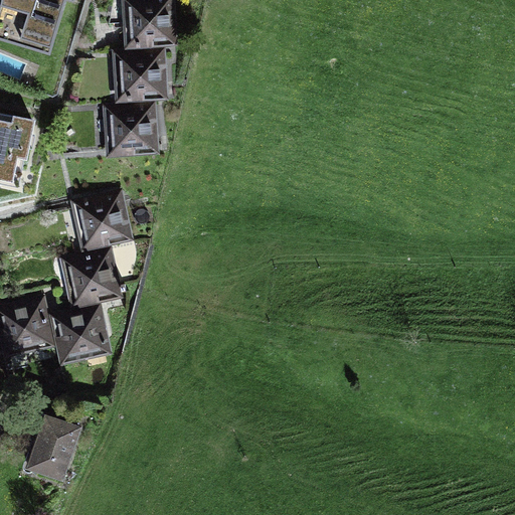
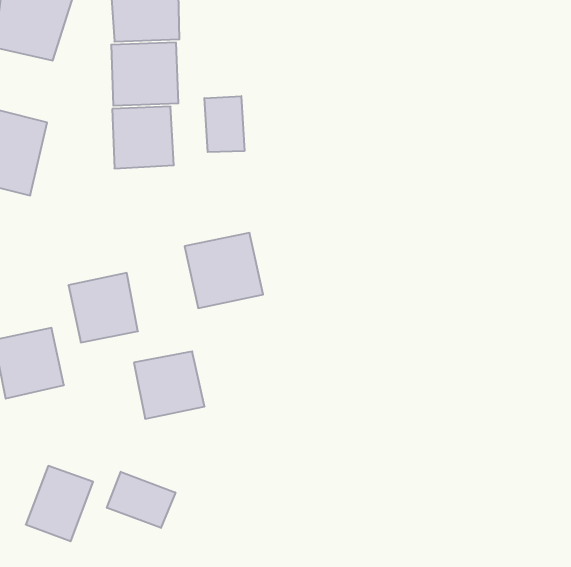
building: none -> [204,96,244,152]
building: [66,182,137,249] -> [185,233,263,308]
building: [51,303,115,363] -> [134,351,205,419]
building: none -> [107,472,175,528]

